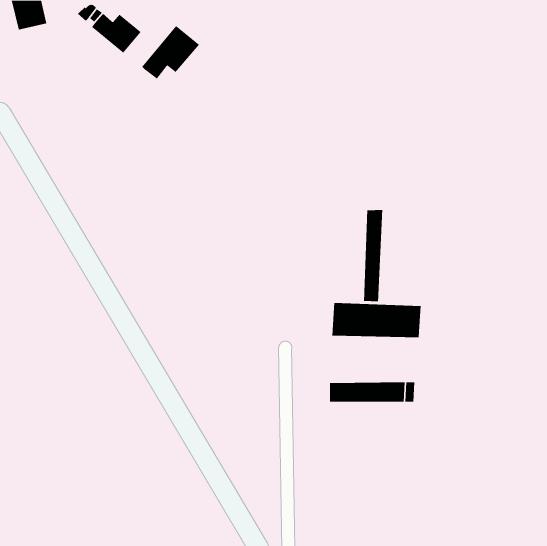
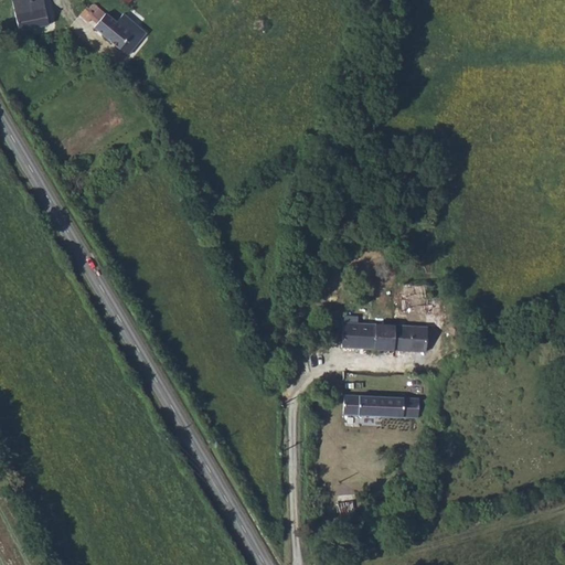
building: [141,25,200,79] -> none
building: [364,209,383,302] -> none

